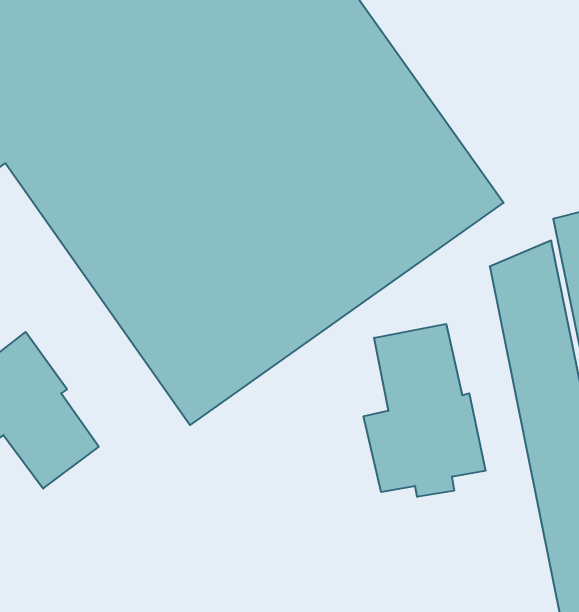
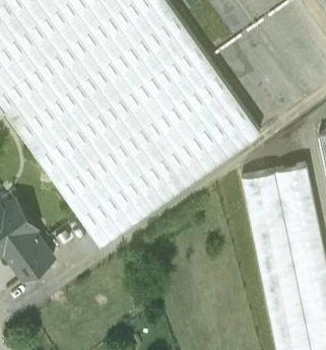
building: [364,324,486,497] -> none

